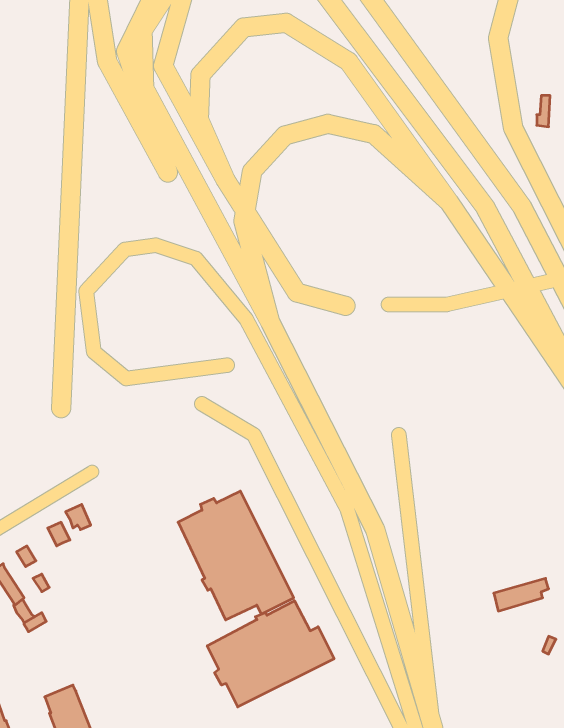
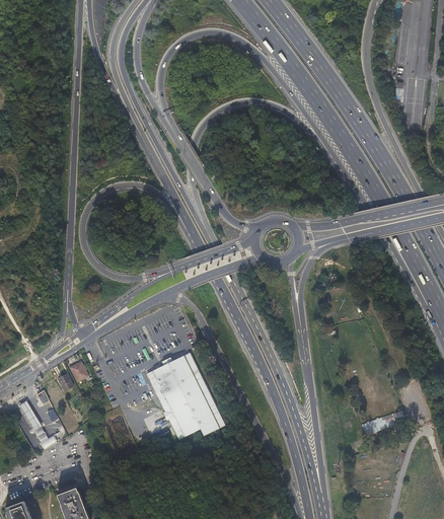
building: [207,601,334,707] -> none

